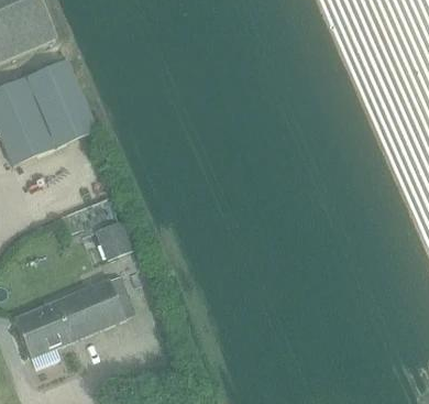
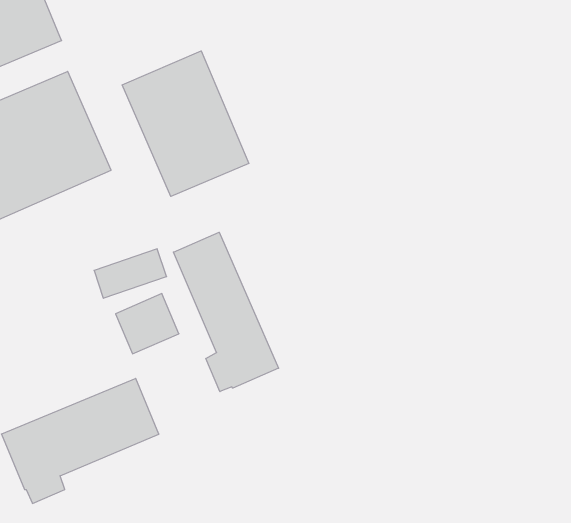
building: none -> [122,51,249,196]
building: none -> [173,232,279,392]

